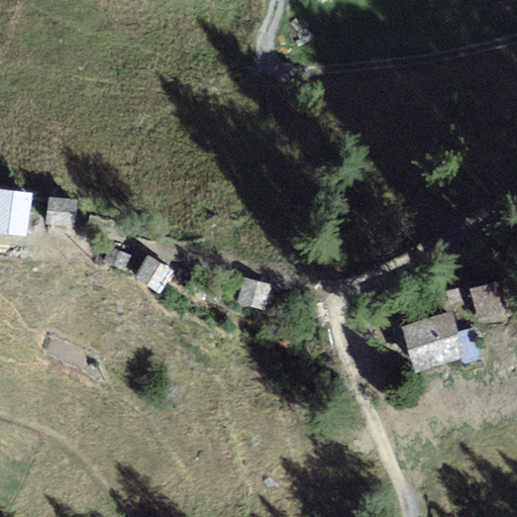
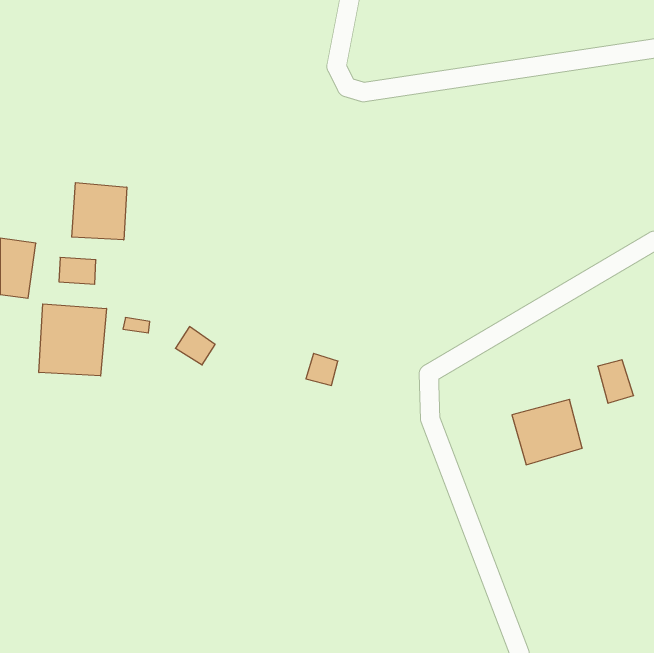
building: none -> [72,183,127,240]
building: none -> [39,304,106,376]

